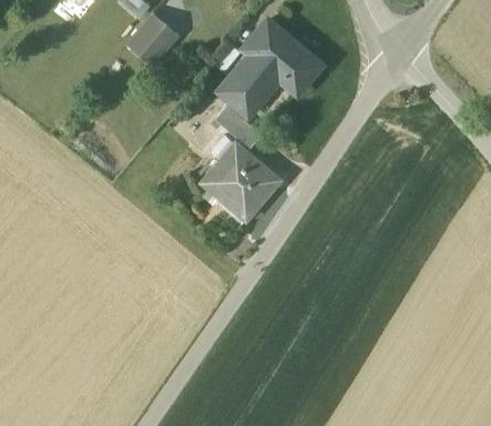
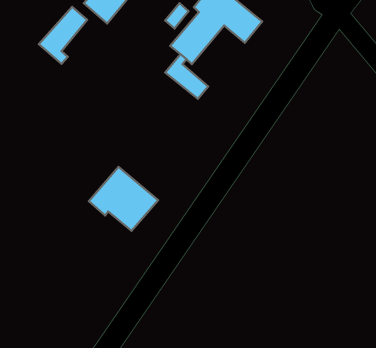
building: none -> [39,7,87,64]
building: [203,143,278,213] -> [89,167,158,231]

